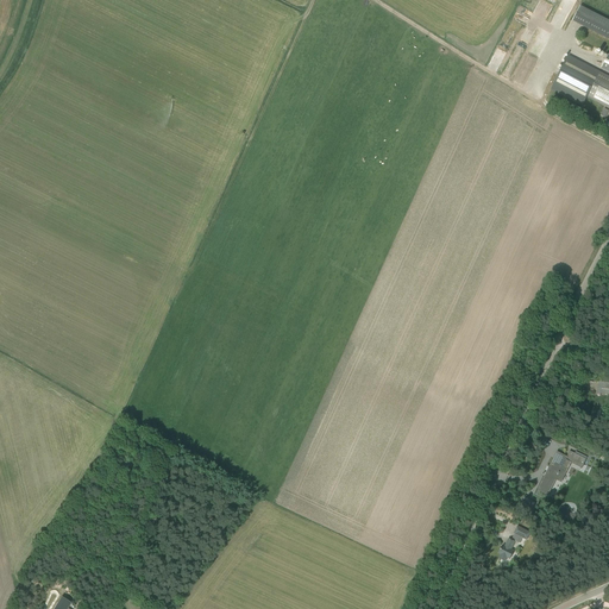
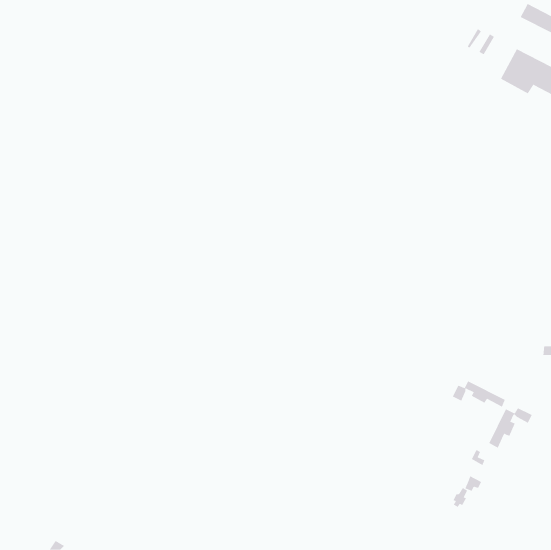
building: none -> [452,381,506,408]

